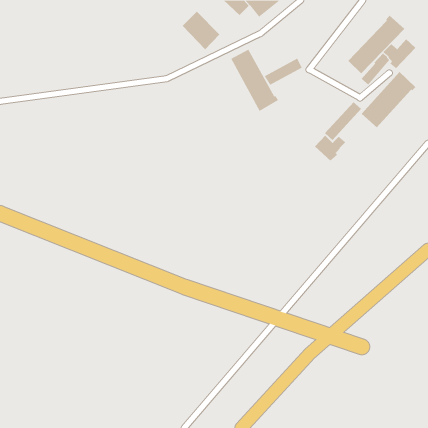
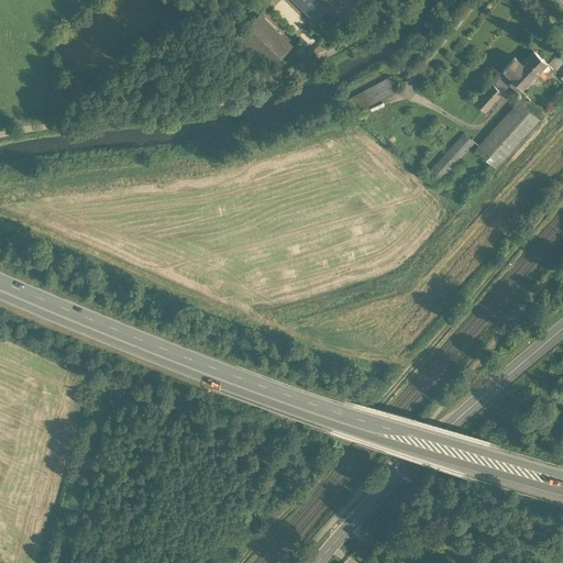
building: [348,15,405,74] -> none
building: [230,49,279,112] -> none
building: [314,135,346,162] -> none

